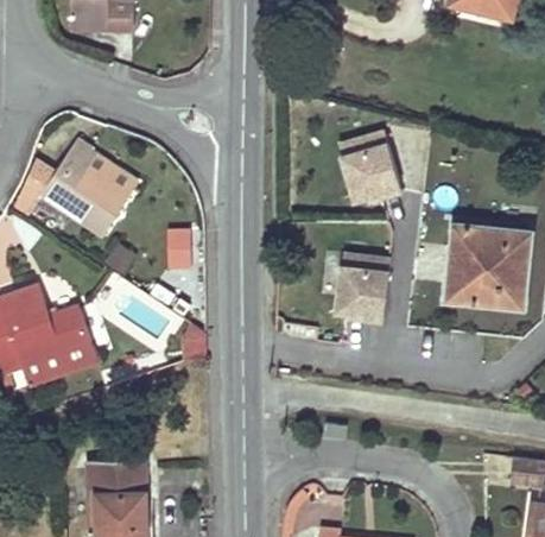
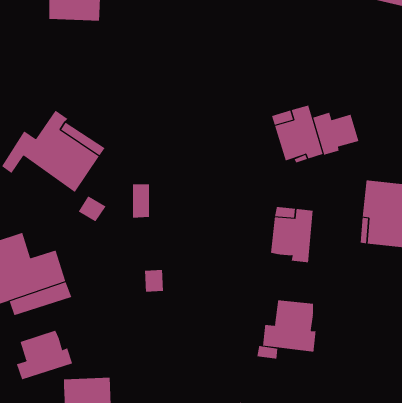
building: none -> [312,112,359,156]
building: none -> [263,299,316,353]
building: none -> [16,330,73,380]

